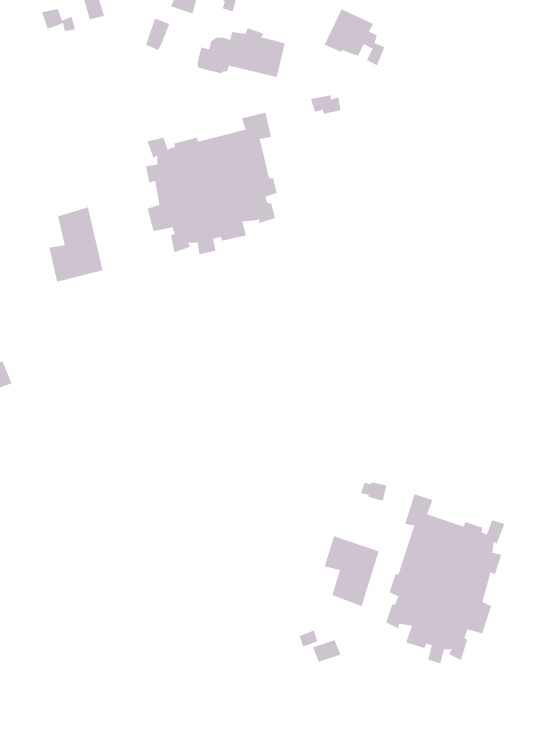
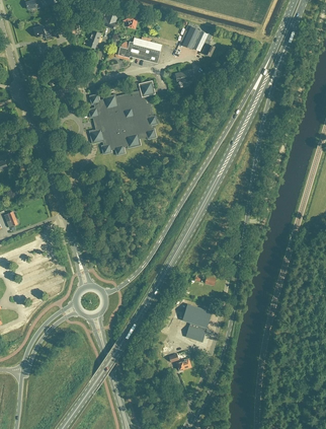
building: [49,207,103,283] -> none
building: [386,493,505,664] -> none

